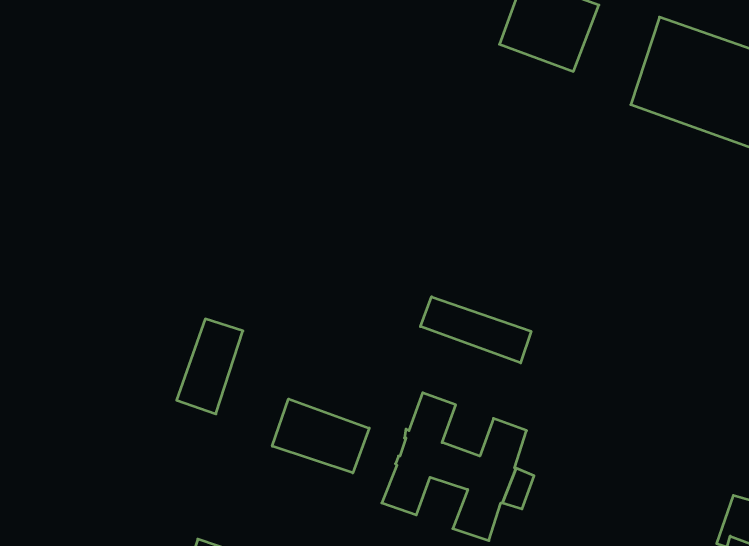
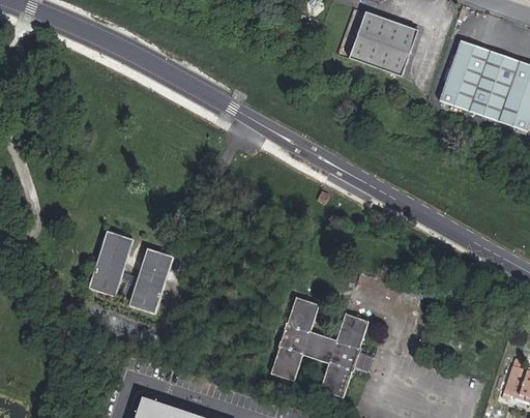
building: none -> [88,226,134,291]
building: [420,297,531,363] -> none
building: [272,399,369,473] -> none

